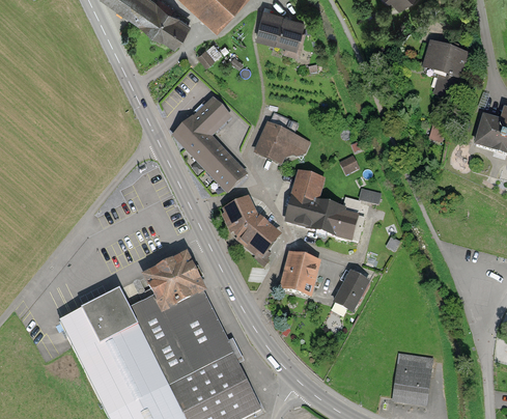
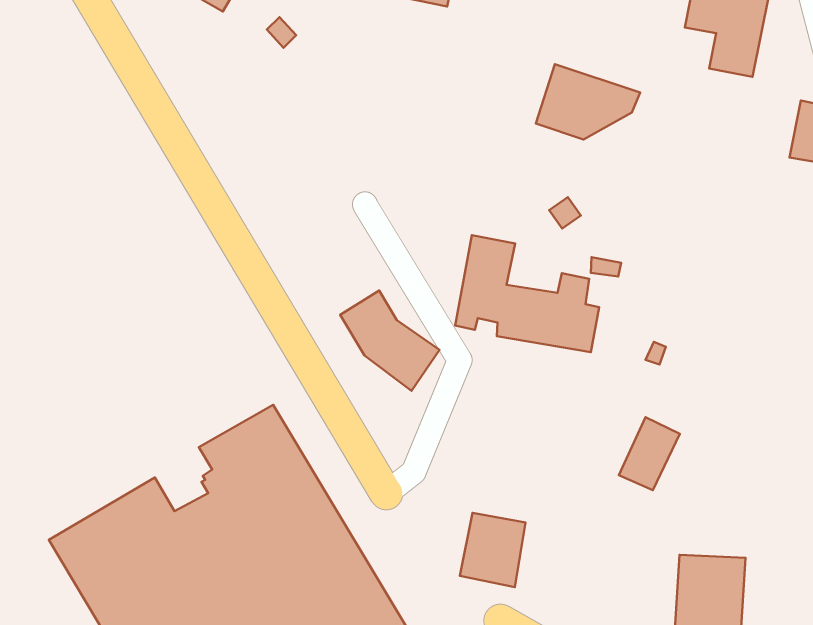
building: [173,101,246,192] -> none
building: [253,122,310,164] -> [536,64,640,139]
building: [281,254,318,296] -> [460,513,525,587]
building: [334,272,368,311] -> [619,417,680,490]

